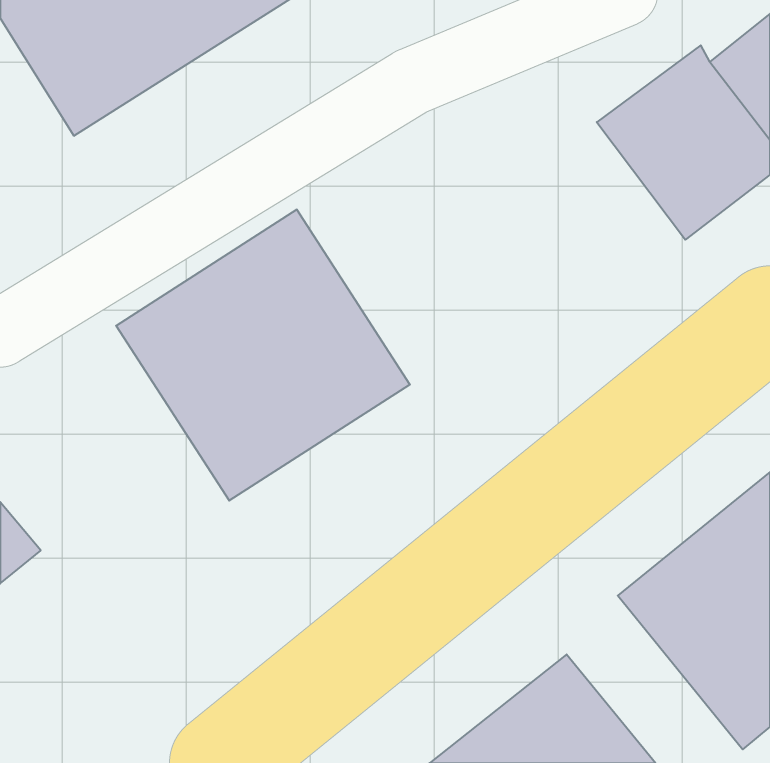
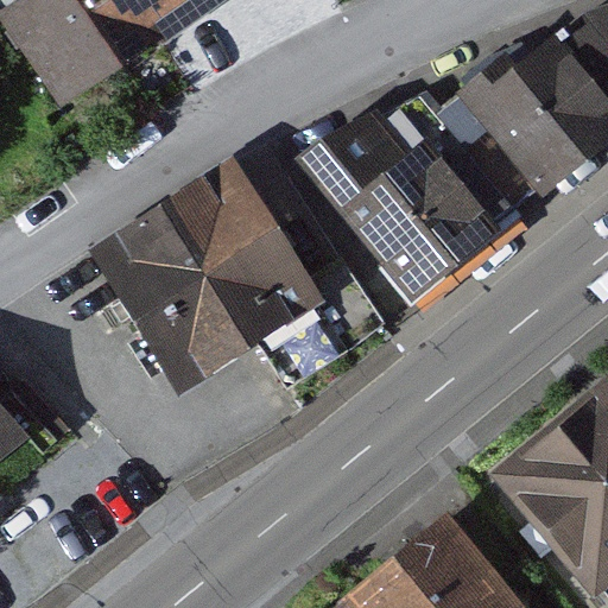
building: none -> [303,77,522,305]

